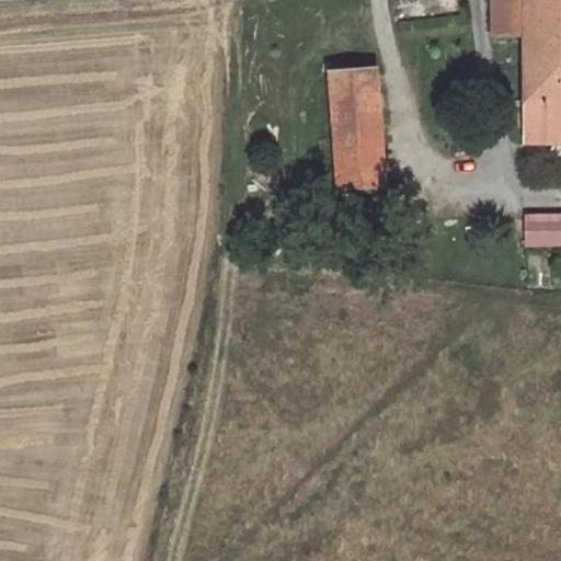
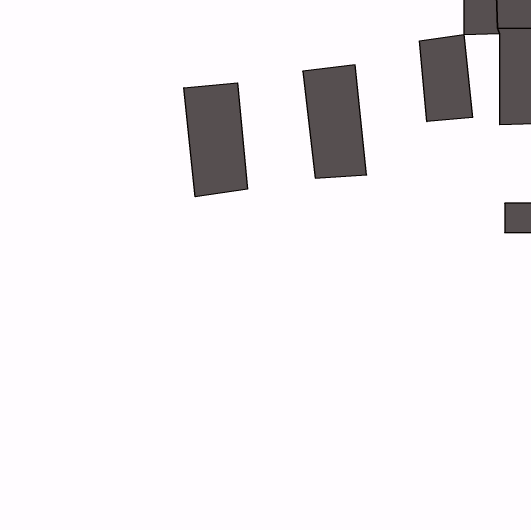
building: none -> [420,35,473,122]
building: none -> [184,83,247,197]

